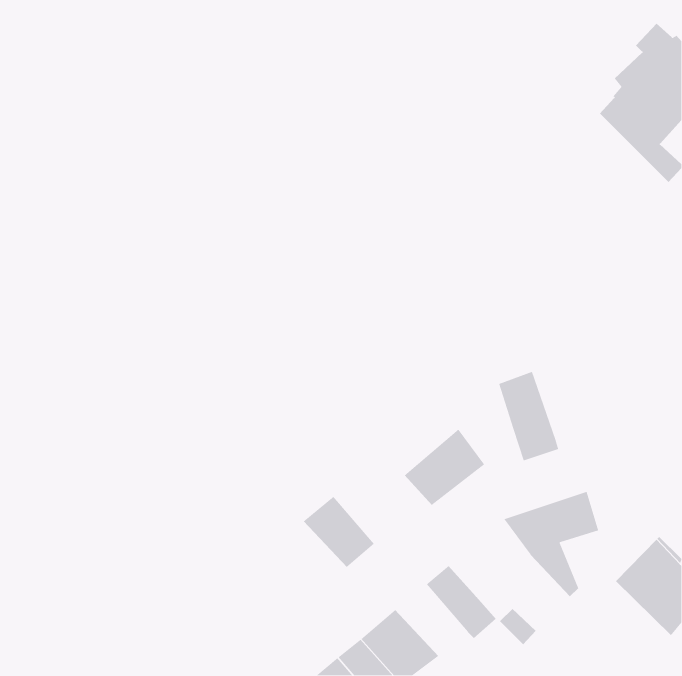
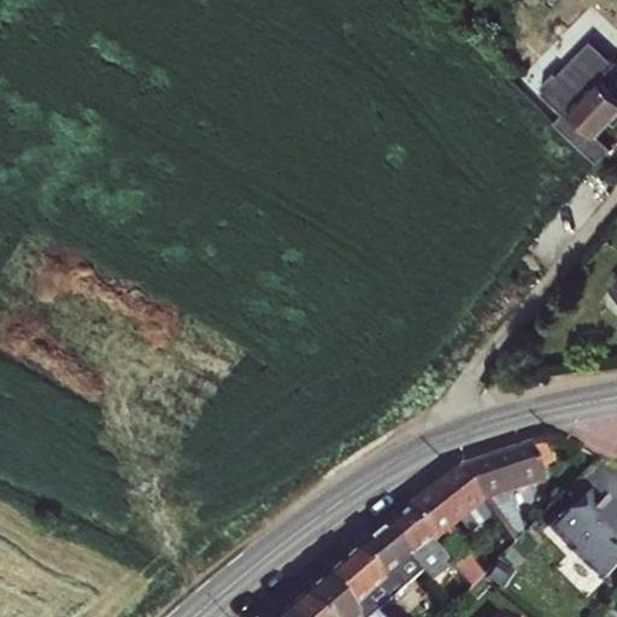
building: [498,371,559,461] -> none
building: [404,428,485,506] -> [405,469,478,539]
building: [303,496,375,568] -> [357,528,422,593]

